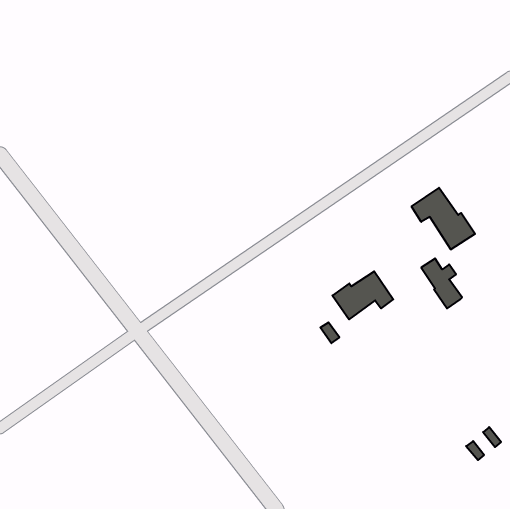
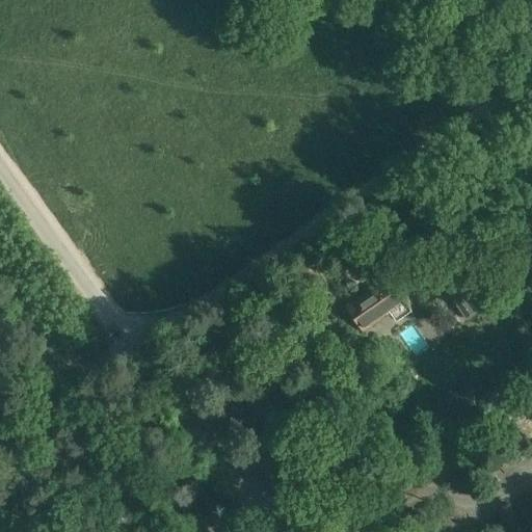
building: [412,188,475,250] -> none

